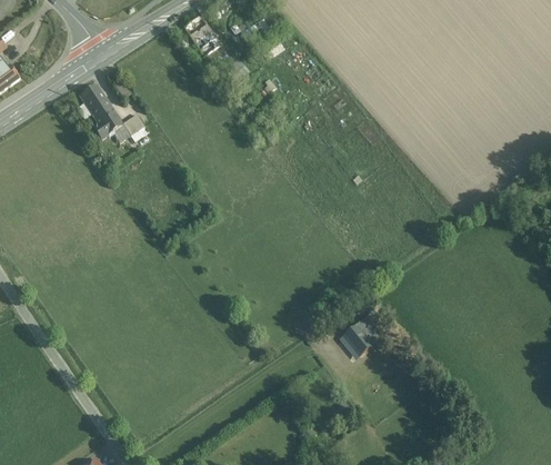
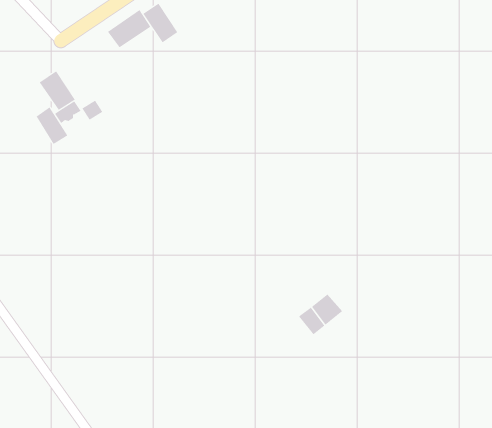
building: none -> [107,9,151,48]
building: none -> [36,107,68,145]

